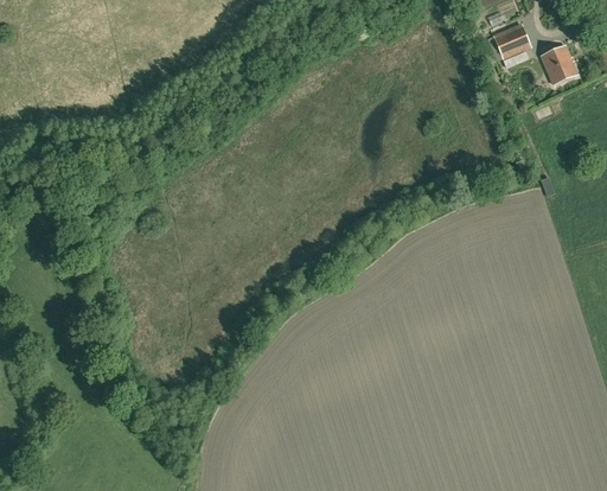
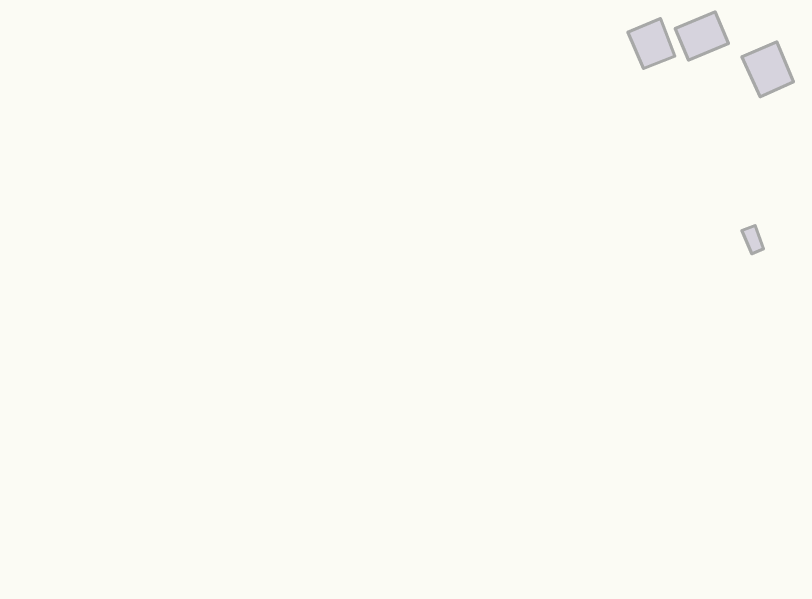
building: none -> [628,18,675,69]

